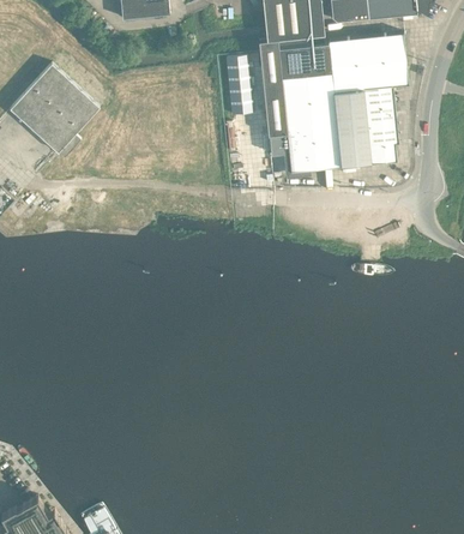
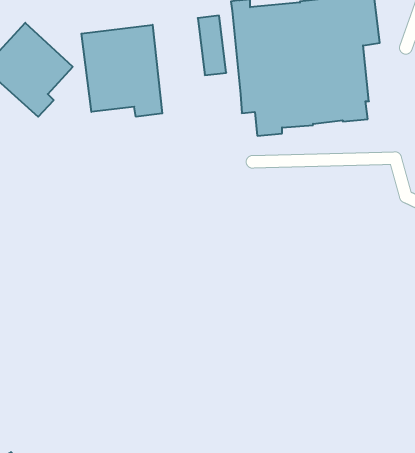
building: none -> [81,25,162,117]

